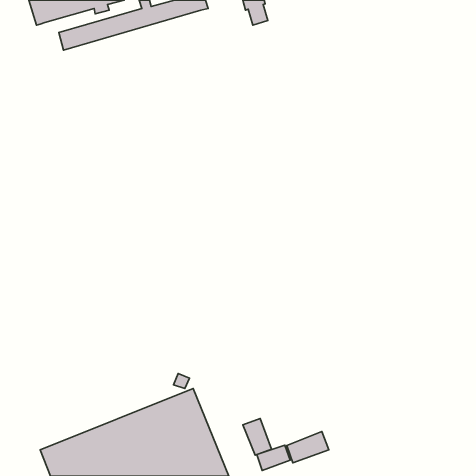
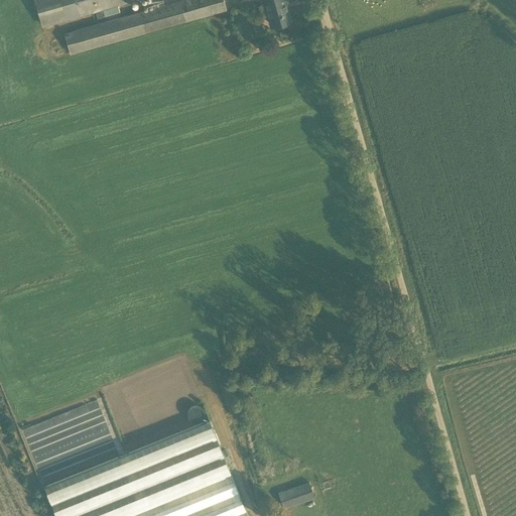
building: [243,418,271,455] -> none
building: [287,432,329,463] -> none

